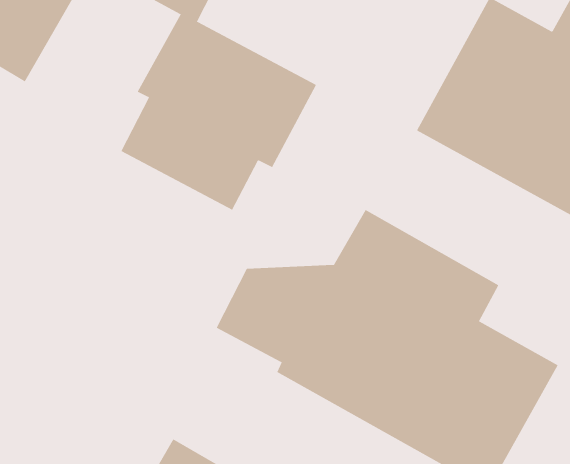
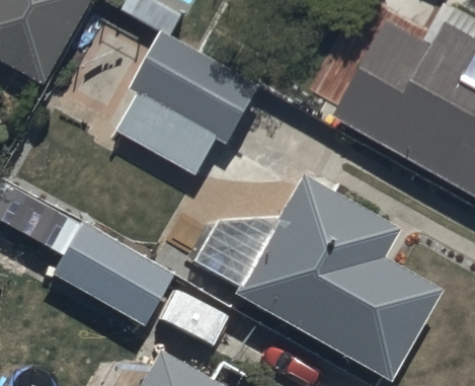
building: none -> [51,225,171,329]

